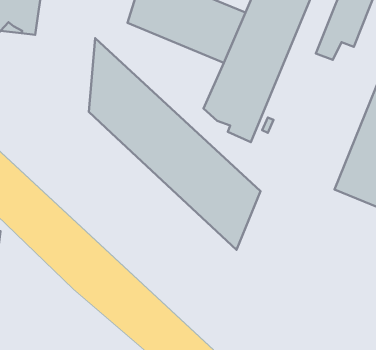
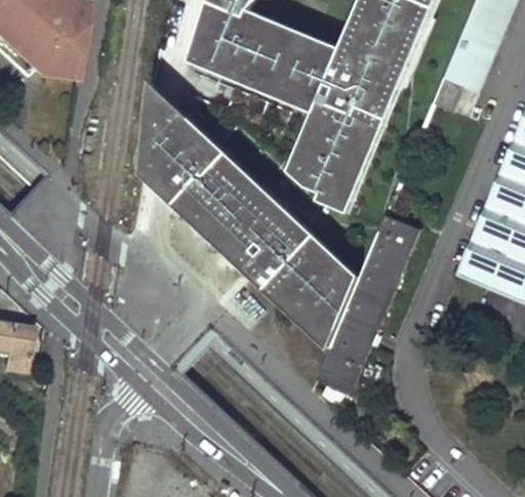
building: none -> [317,215,416,392]

